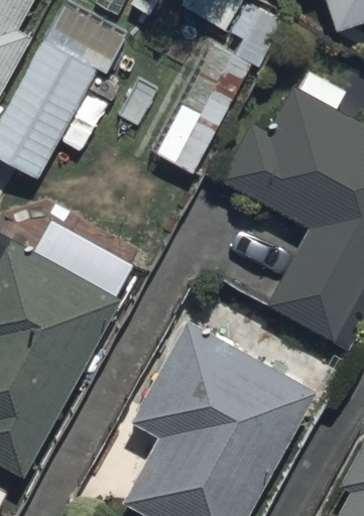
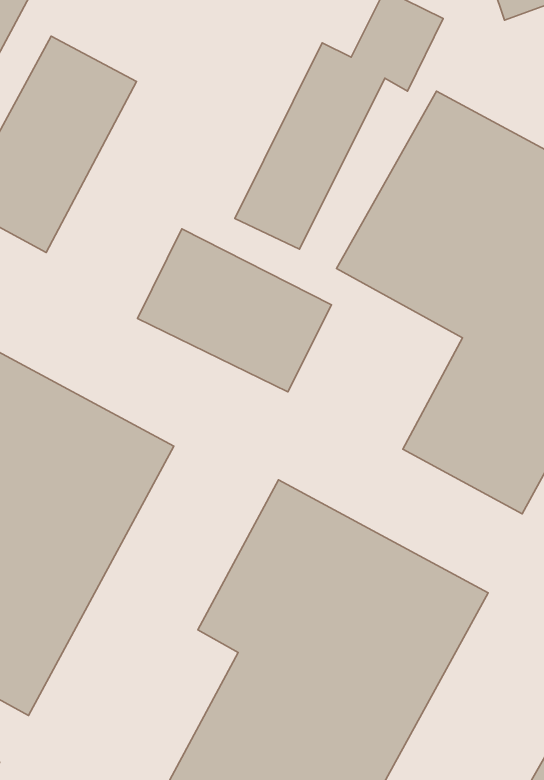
building: none -> [137,229,332,392]

